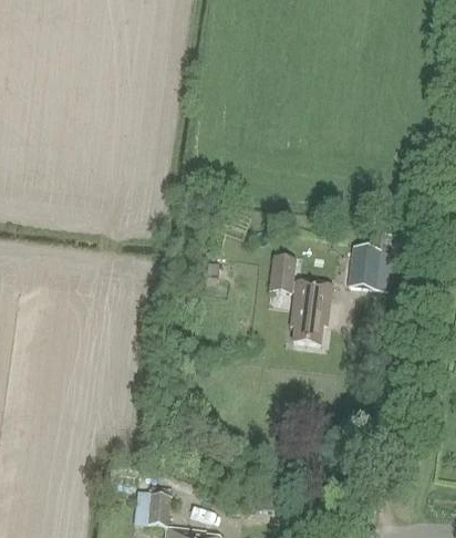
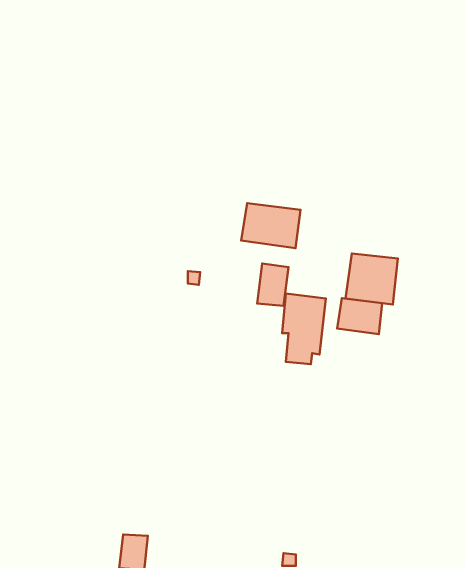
building: none -> [241,203,300,248]
building: none -> [337,298,382,334]

